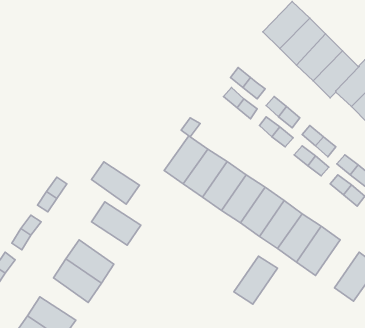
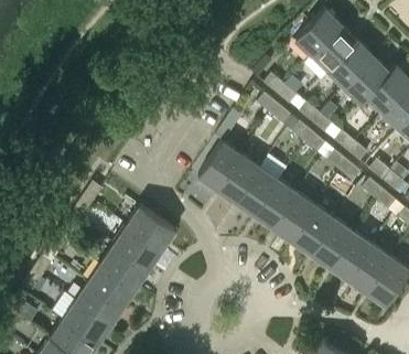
building: [91,162,140,204] -> [115,226,162,268]
building: [234,256,278,304] -> [347,244,390,291]
building: none -> [76,281,123,323]

